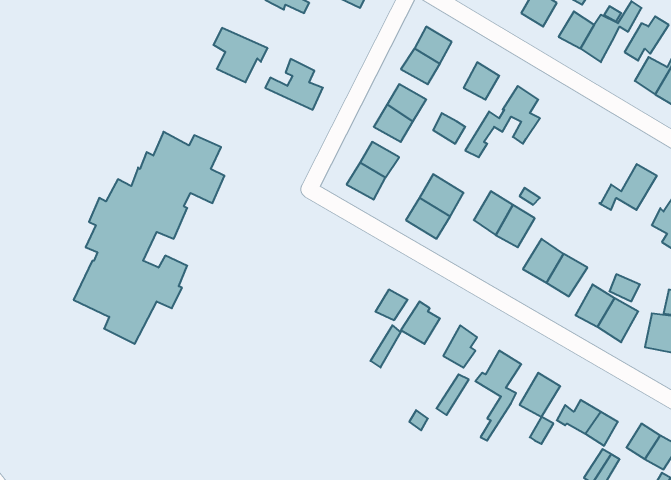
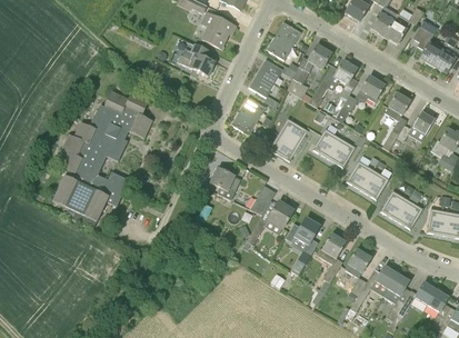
building: [213,28,268,82] -> [200,12,236,48]
building: none -> [335,76,385,122]
building: none -> [386,92,410,137]
building: none -> [211,168,238,199]

